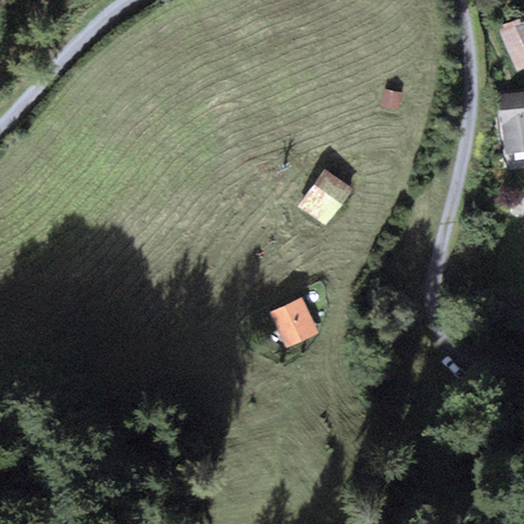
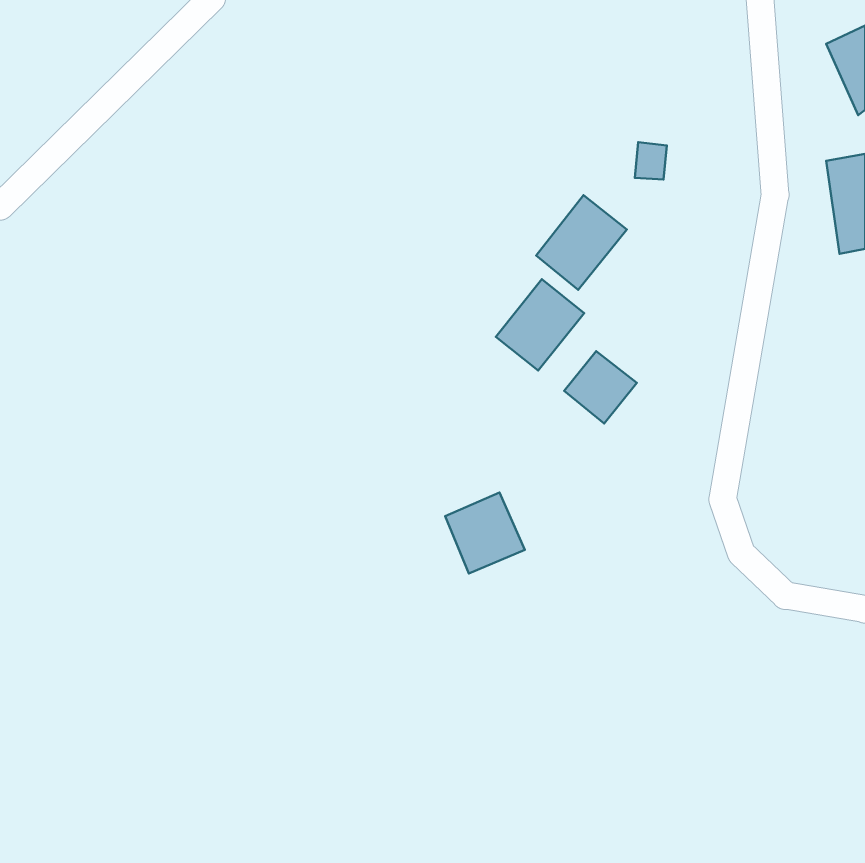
building: none -> [536,195,627,290]
building: none -> [564,351,637,424]

